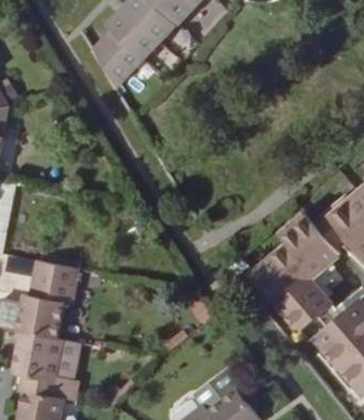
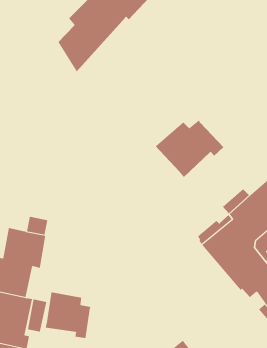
building: none -> [155,120,224,178]
building: none -> [45,292,91,339]

